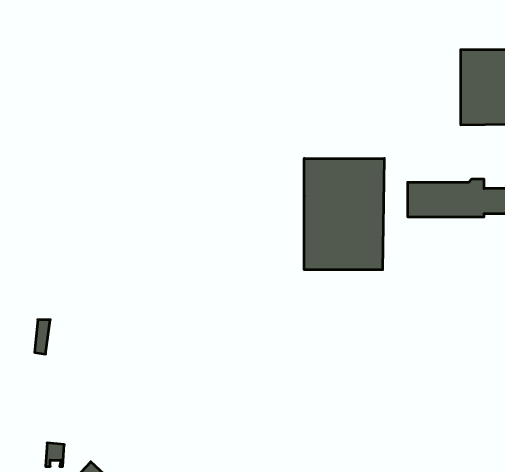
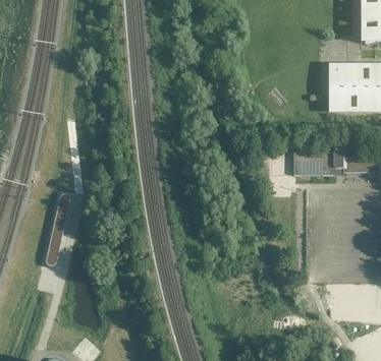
building: [304,158,384,270] -> none

